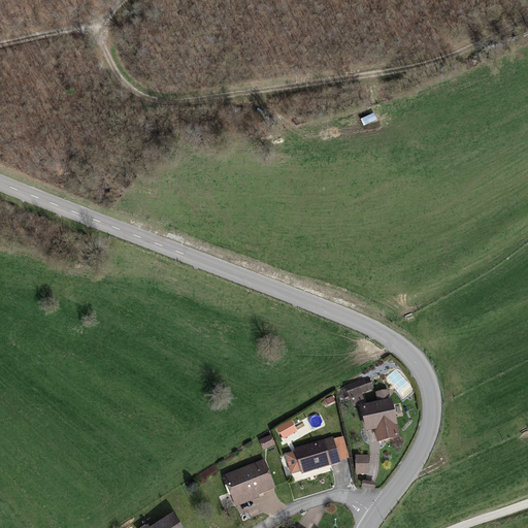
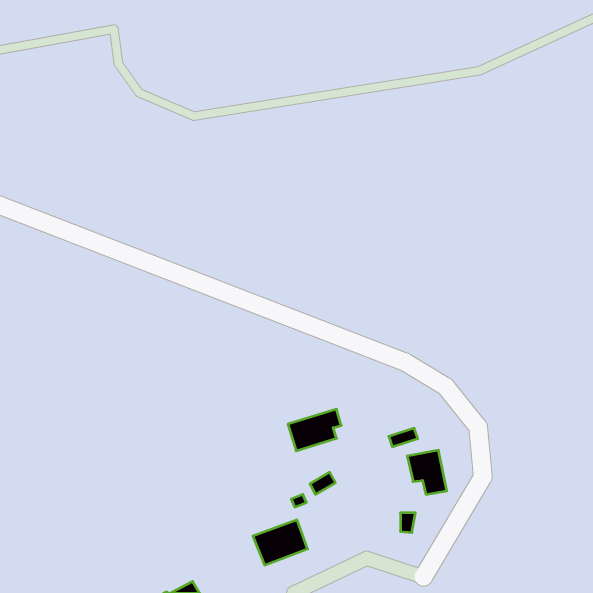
building: [295,436,342,473] -> [288,409,341,451]

